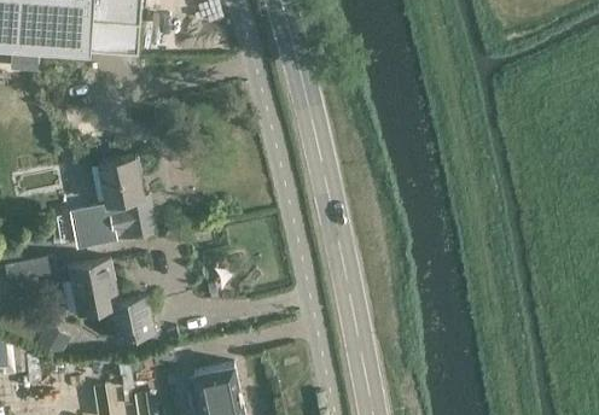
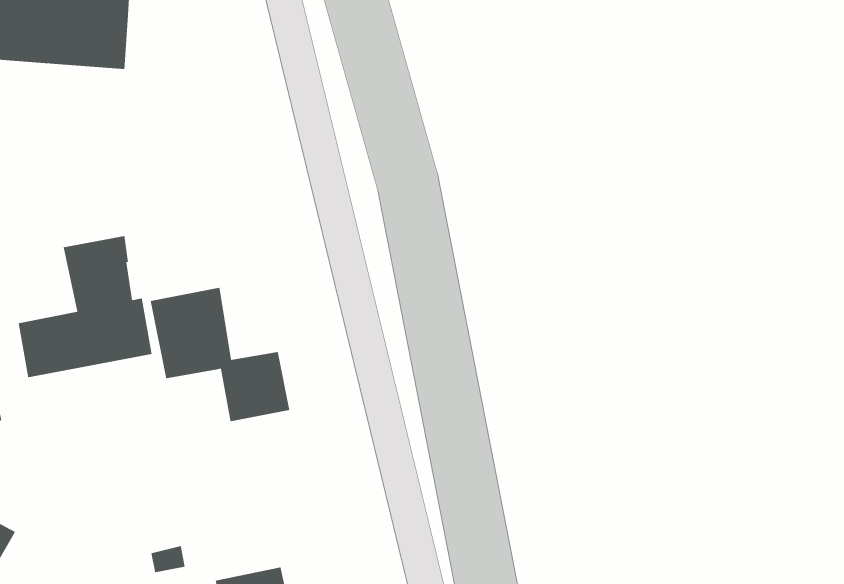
building: [68,259,155,343] -> [150,287,290,422]

